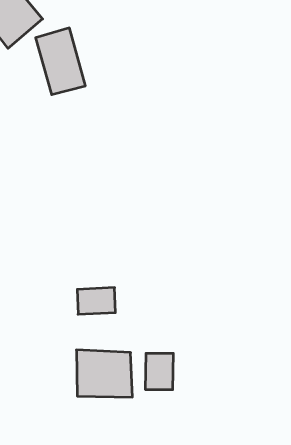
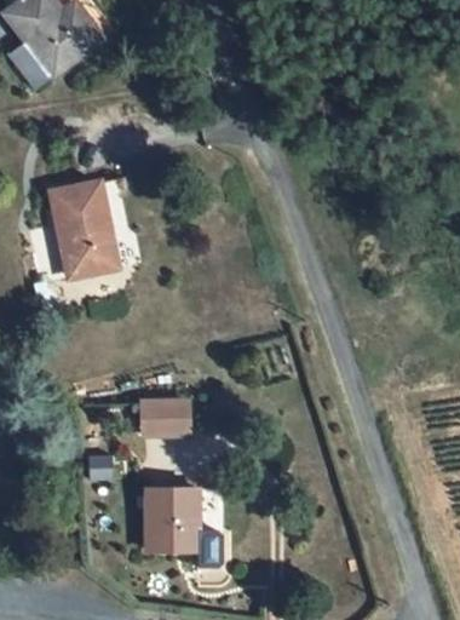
building: [36,28,85,95] -> [44,177,111,268]
building: [146,353,173,390] -> none

